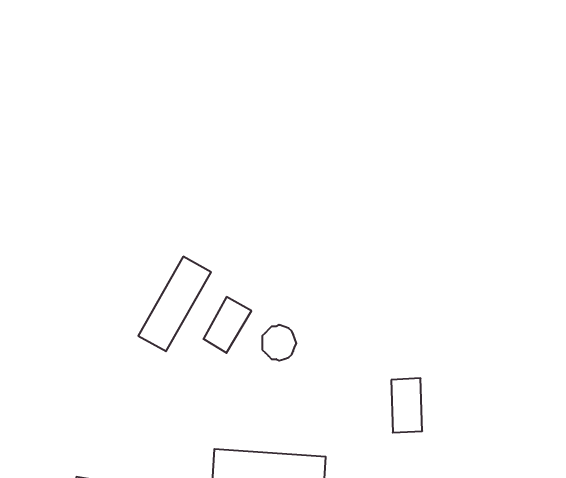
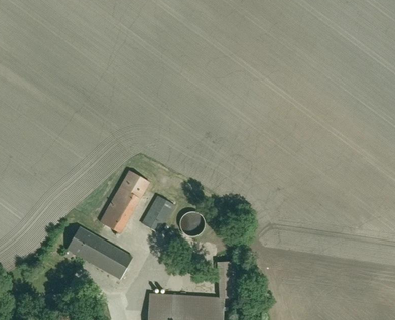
building: none -> [67,228,131,280]
building: [391,378,422,433] -> [218,265,238,300]

